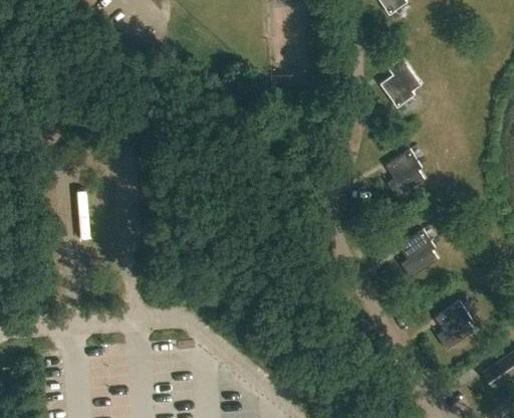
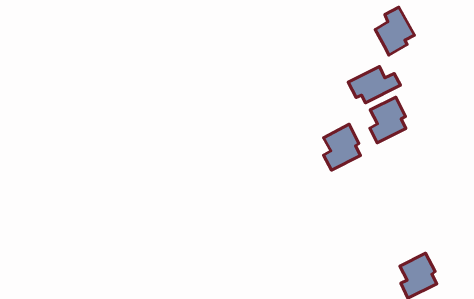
building: none -> [348,66,401,103]
building: [399,230,438,278] -> [323,124,360,170]

